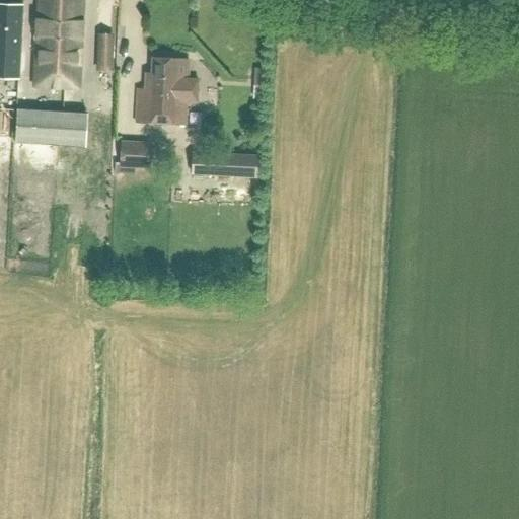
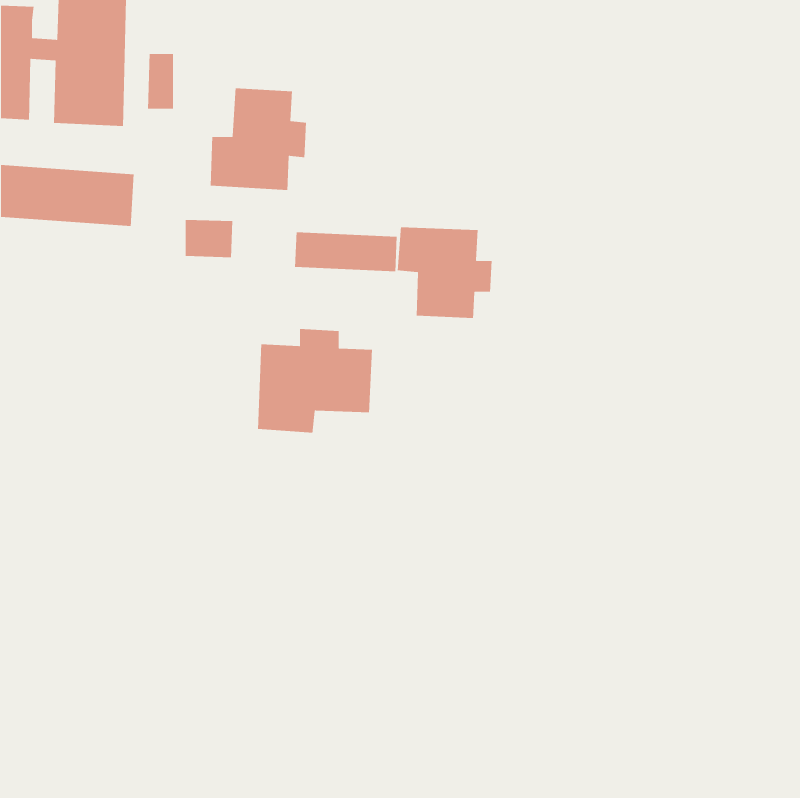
building: none -> [397,226,493,319]
building: none -> [257,328,373,433]

